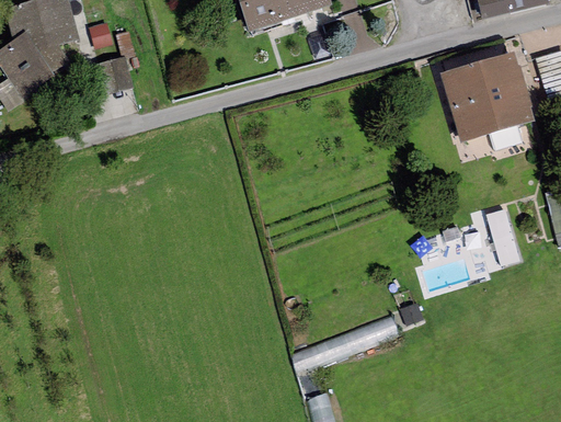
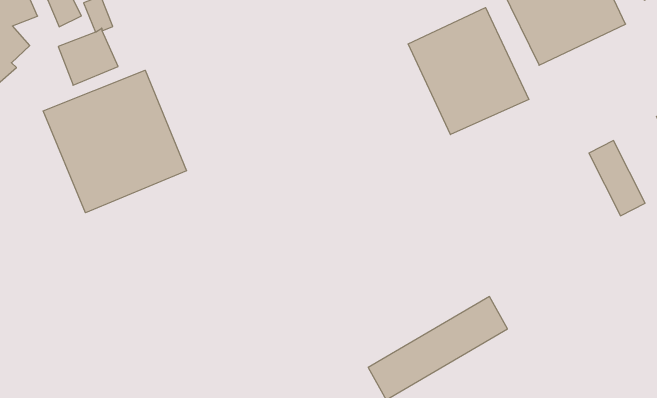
building: none -> [408,8,529,135]
building: none -> [43,70,186,213]

